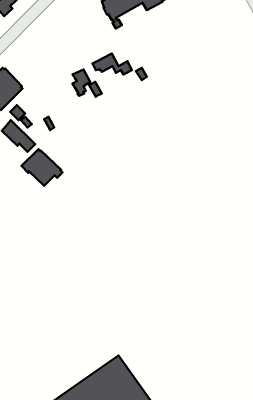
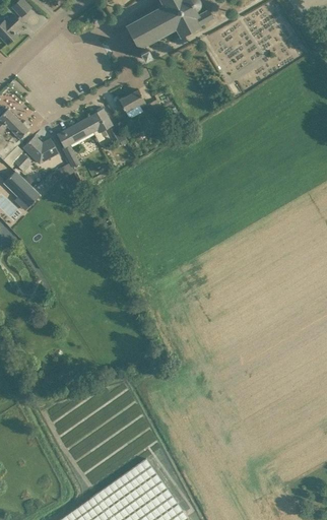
building: none -> [57,116,96,167]
building: none -> [21,136,58,165]
building: [22,149,62,186] -> none

